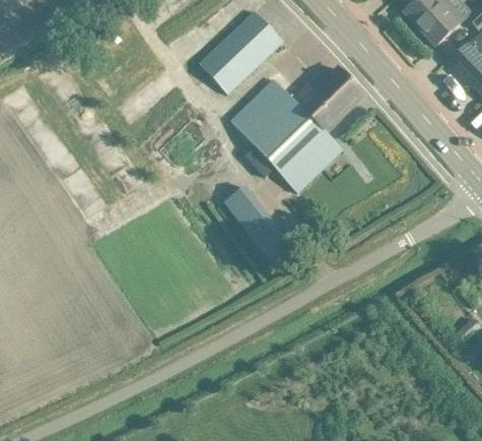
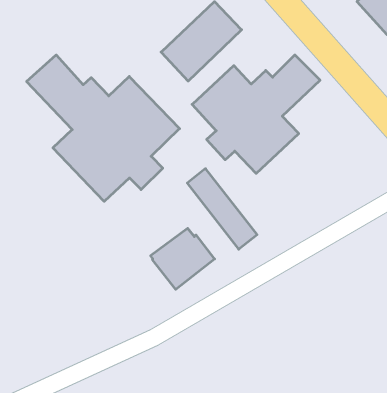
building: none -> [27,55,180,201]
building: none -> [151,228,215,289]

